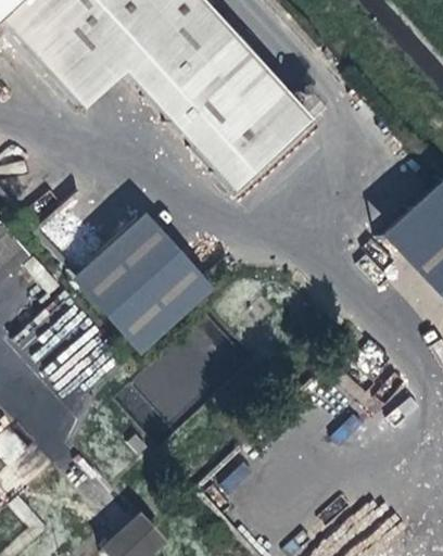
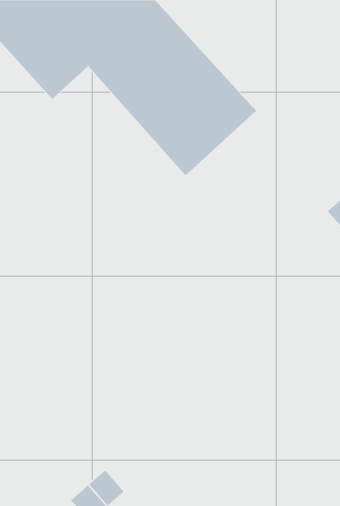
building: [73,207,223,355] -> none

